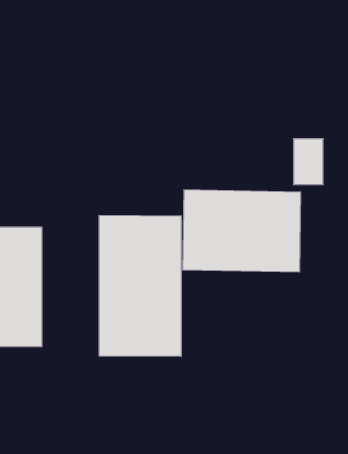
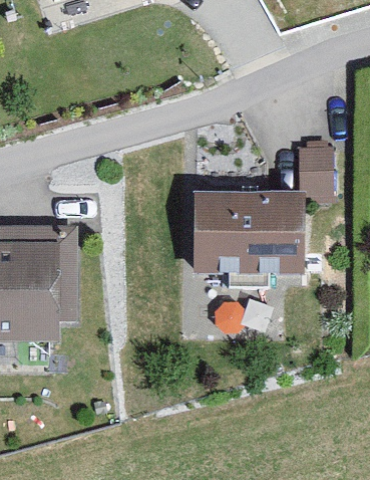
building: [99,215,181,357] -> none

